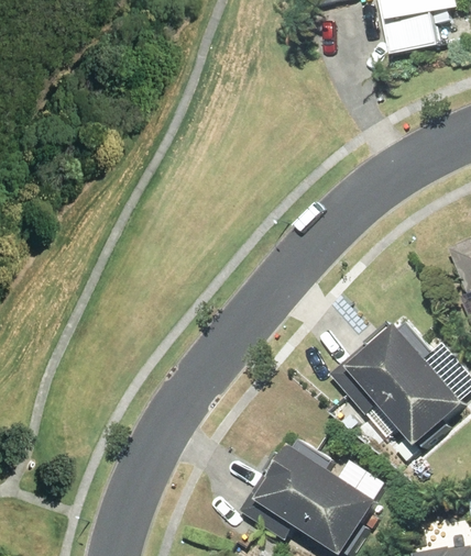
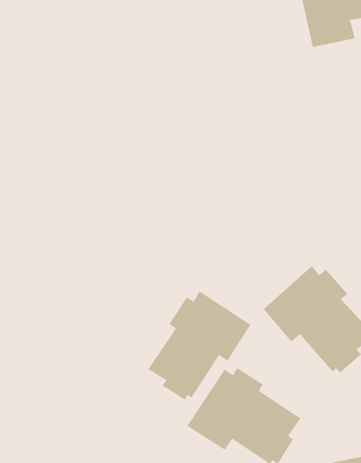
building: none -> [147,291,251,401]

